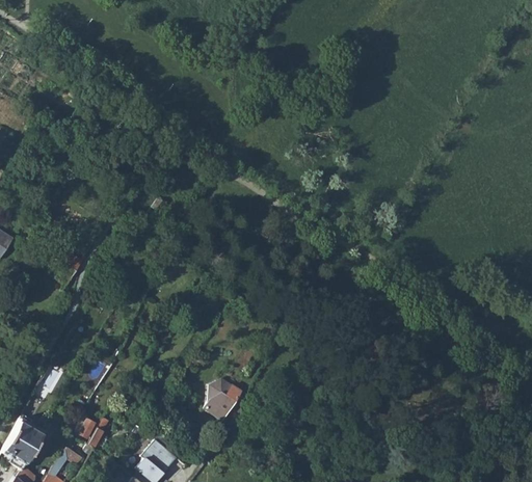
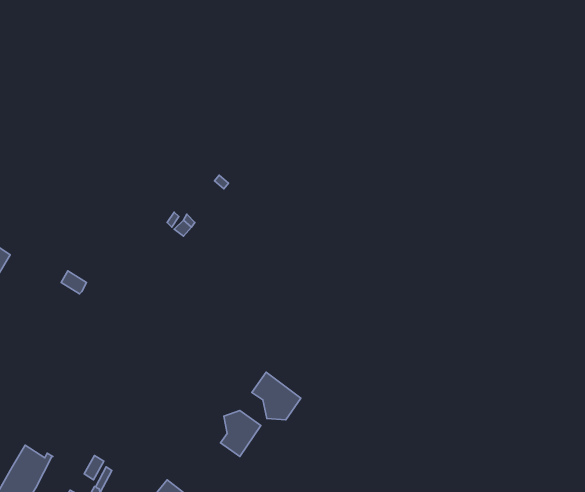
building: none -> [252,372,301,420]

